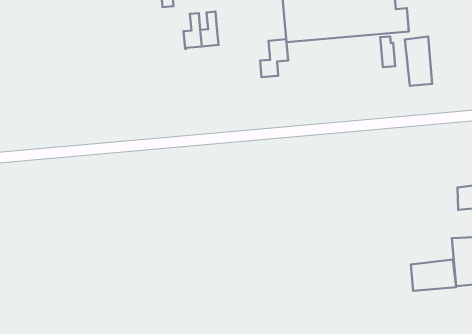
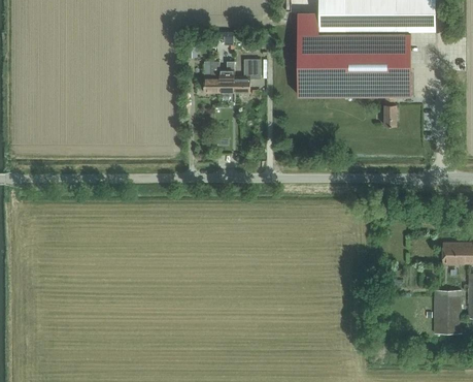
building: [405,36,432,86] -> none
building: [260,39,288,77] -> [235,59,261,92]
building: [411,260,456,291] -> none

